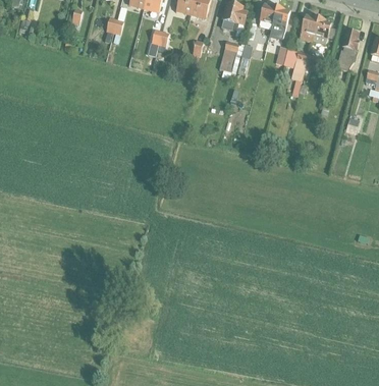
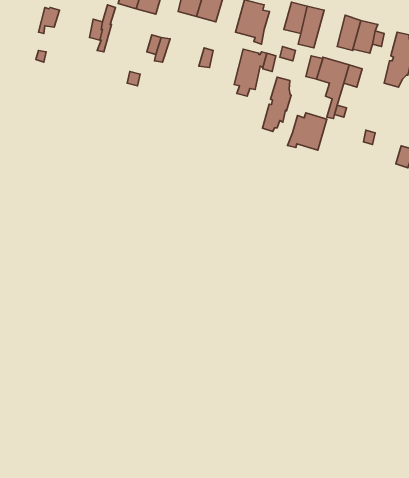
building: none -> [263,77,291,131]
building: none -> [287,113,327,150]

